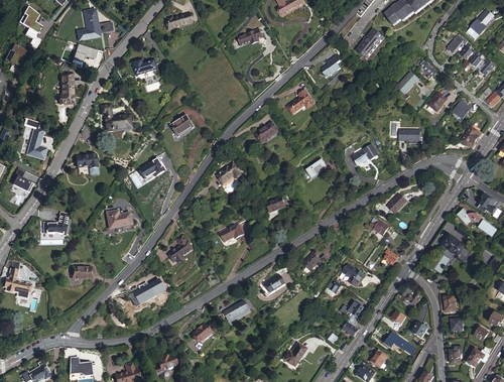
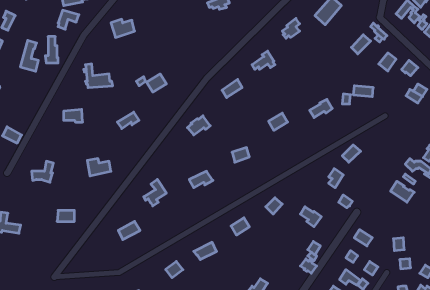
building: [26,125,46,159] -> [20,40,38,71]

